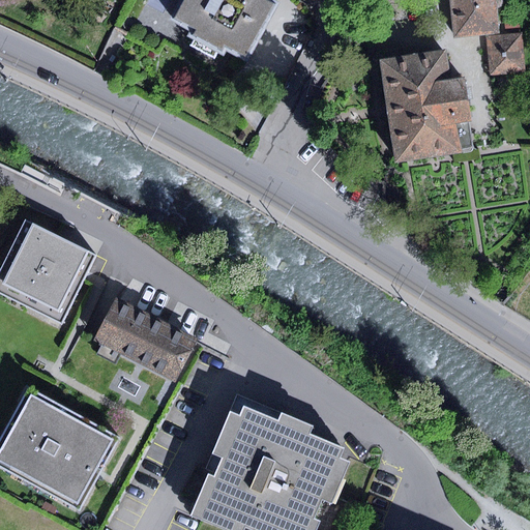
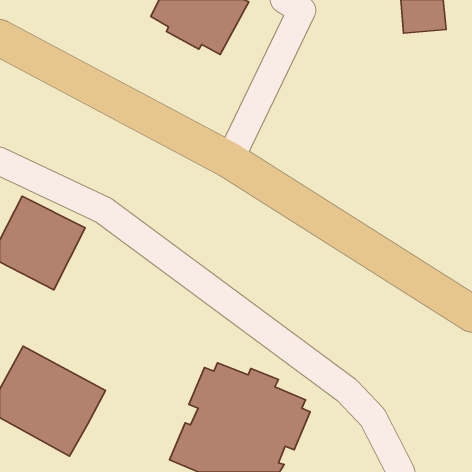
building: [484,32,524,75] -> none
building: [378,49,471,161] -> none
building: [93,297,196,381] -> none

